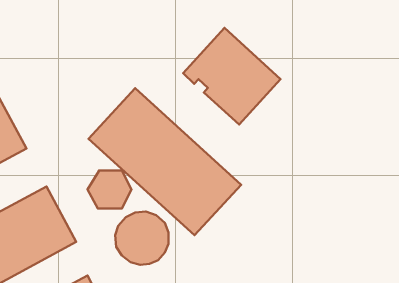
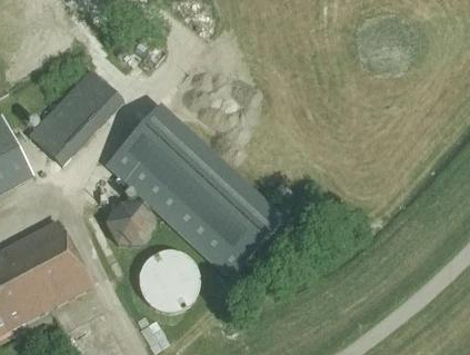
building: [183,28,280,125] -> none
building: none -> [31,69,124,164]

